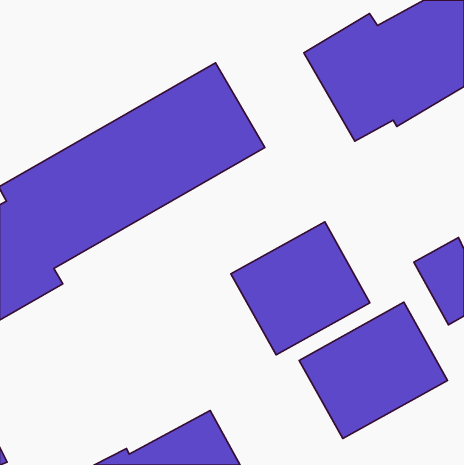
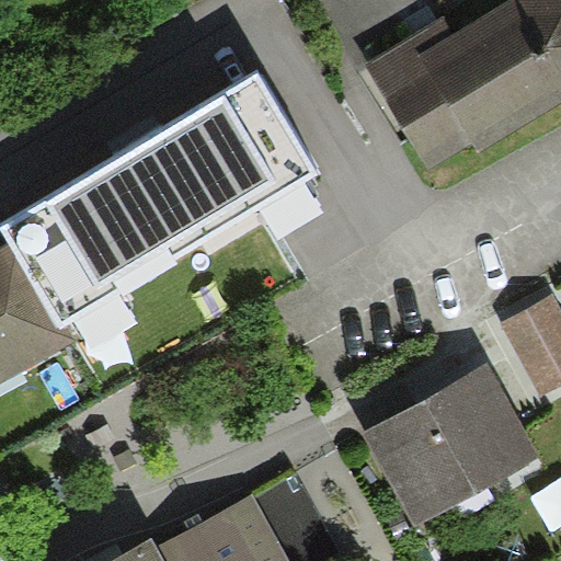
building: [231,222,370,355] -> none

